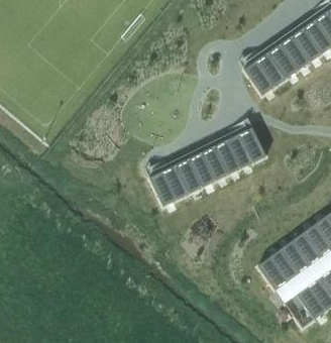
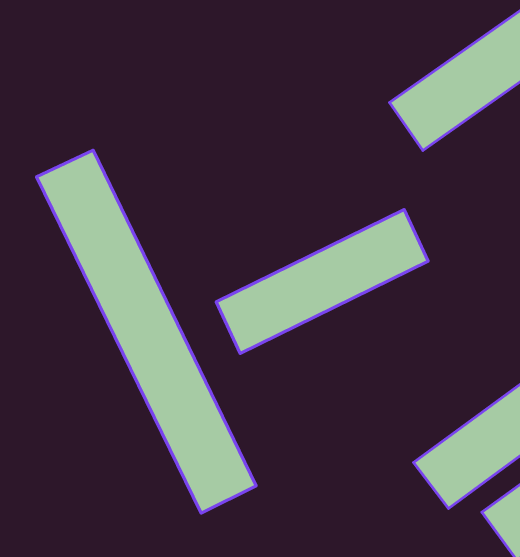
building: none -> [36,150,256,513]

